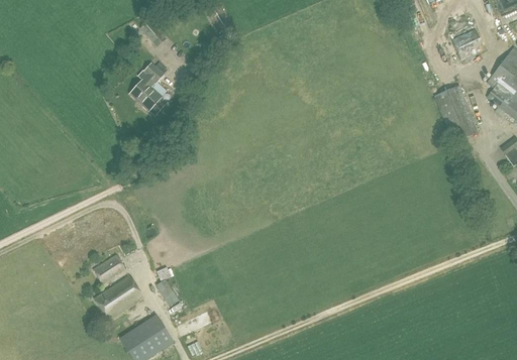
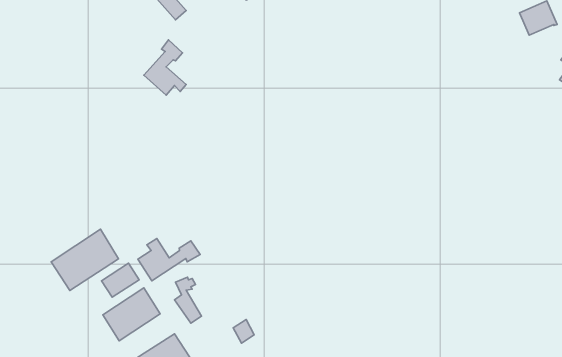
building: [434,85,478,141] -> none
building: none -> [51,229,118,291]
building: none -> [138,239,200,281]

